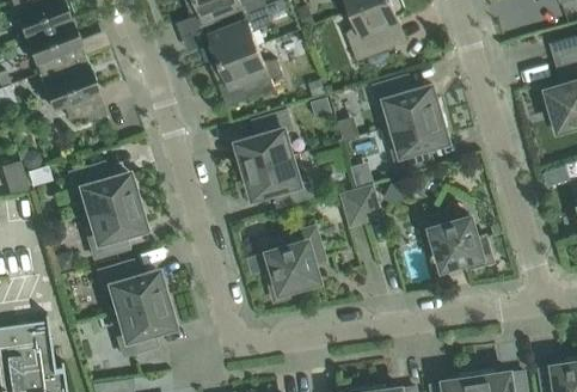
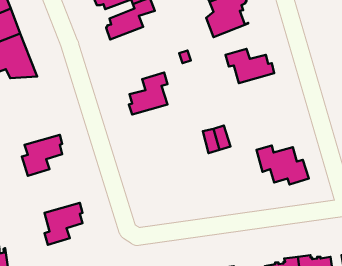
building: [210,47,283,99] -> none
building: [391,112,447,171] -> none
building: [241,157,311,206] -> none
building: [68,165,139,214] -> none
building: [266,227,324,301] -> none
building: [97,262,167,311] -> none

